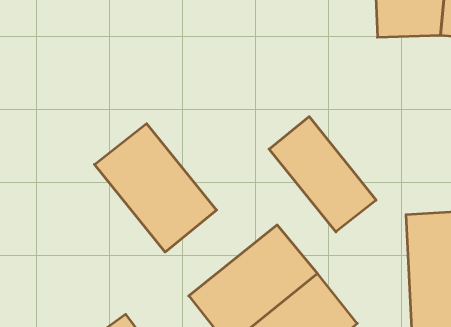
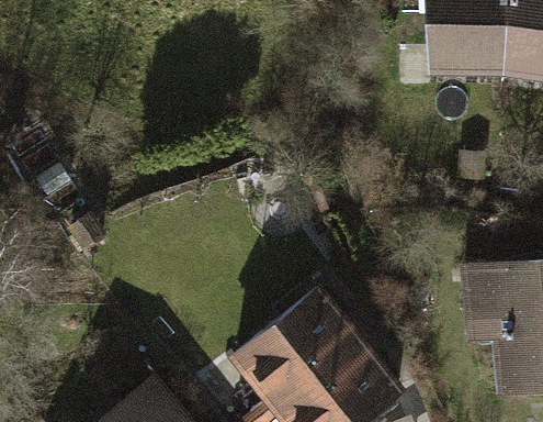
building: [269,117,376,232] -> none
building: [94,124,217,252] -> none

